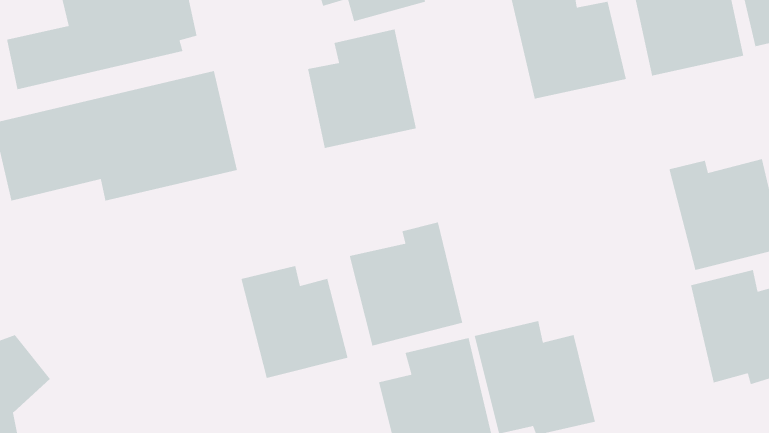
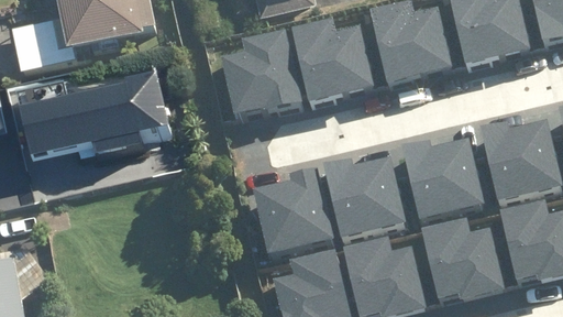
building: none -> [291,17,373,97]
building: none -> [402,136,486,217]
building: none -> [325,156,408,237]
building: [240,265,349,379] -> none
building: none -> [420,216,507,298]

